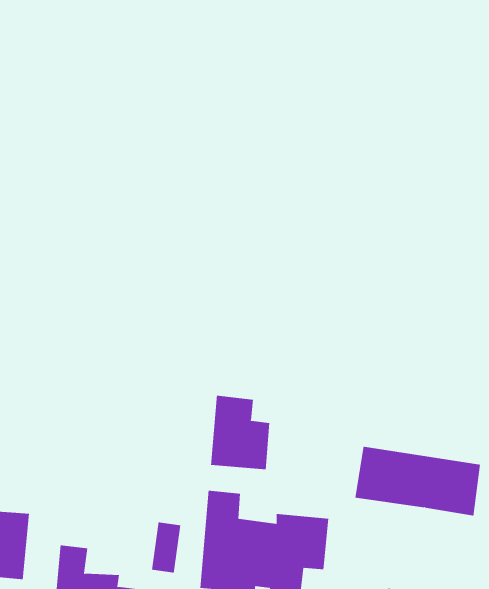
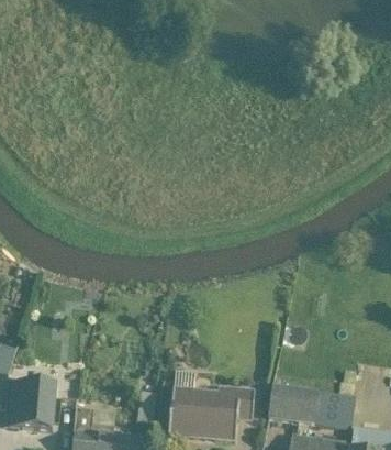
building: [211,395,270,470] -> none
building: [354,446,481,516] -> [268,383,351,429]

